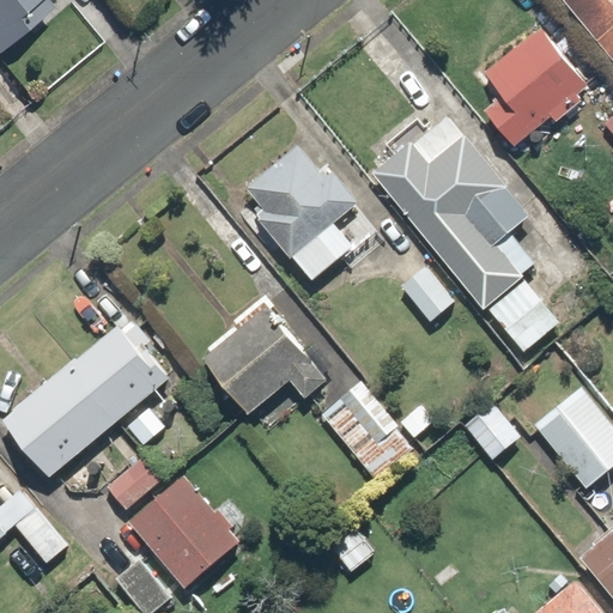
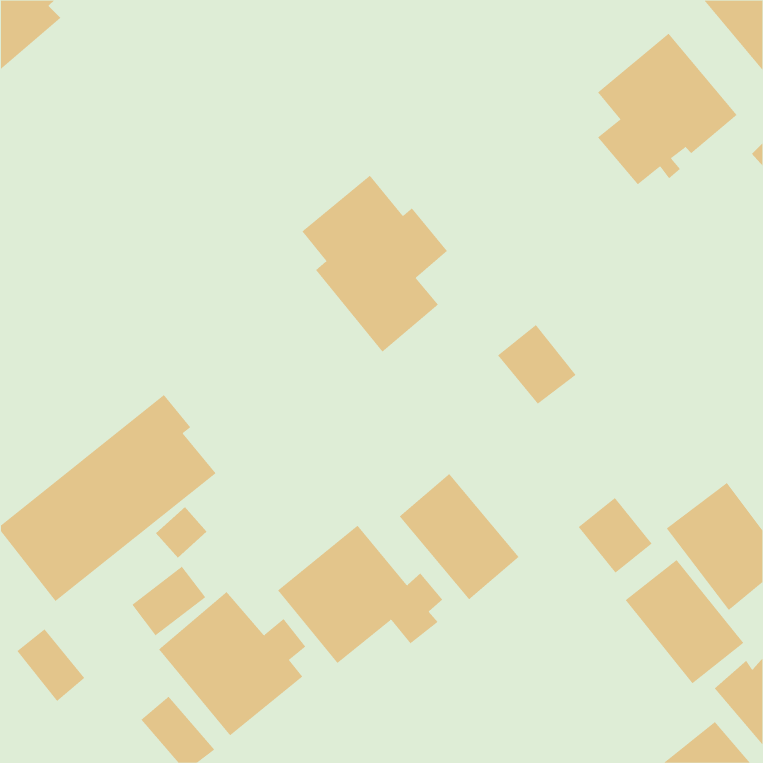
building: [369,115,560,356] -> none
building: [199,306,332,418] -> [277,525,443,664]
building: none -> [625,559,744,684]

